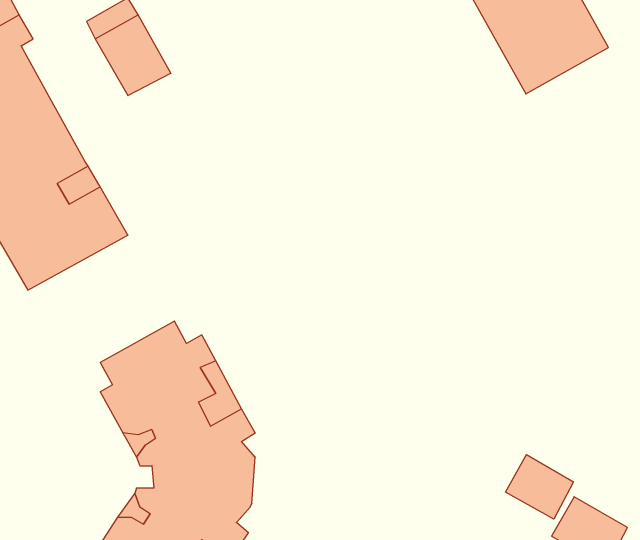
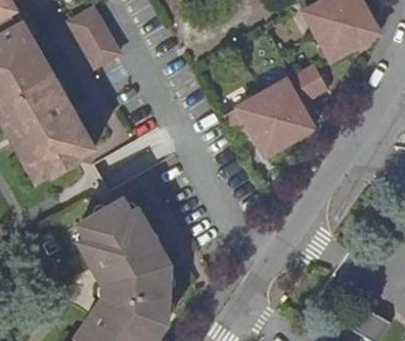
building: none -> [223,66,327,159]
building: [505,455,573,519] -> none

